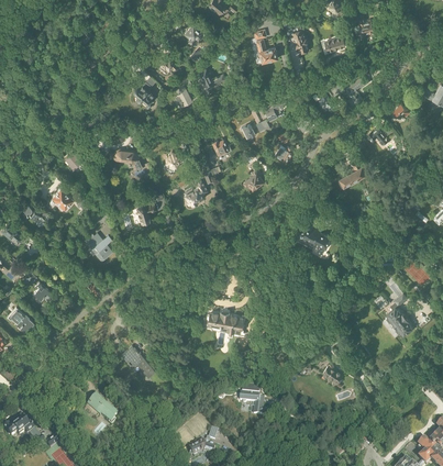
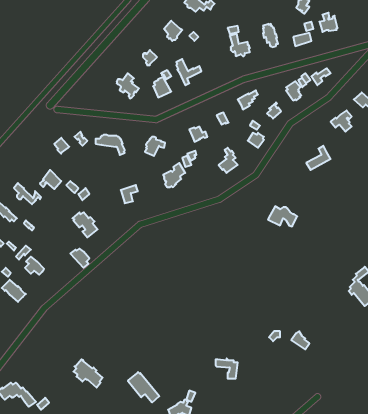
building: [207,312,244,334] -> none
building: [120,345,154,378] -> [128,372,159,402]

